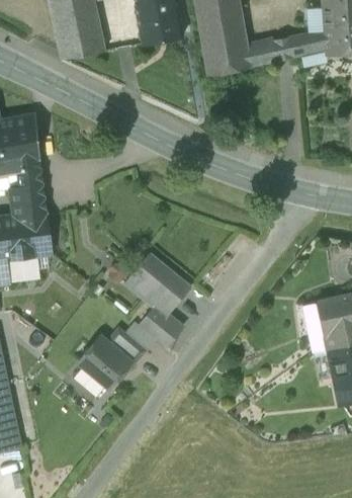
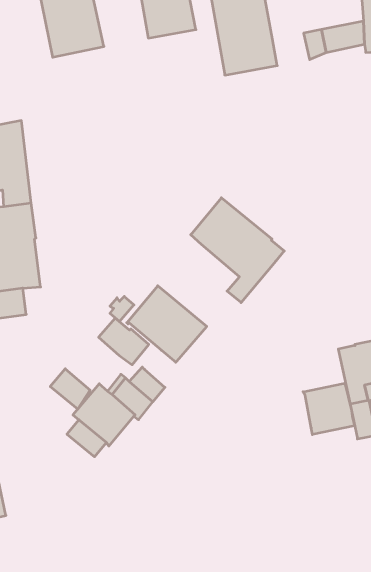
building: [247,39,278,67] -> none
building: none -> [191,198,284,303]
building: [139,308,181,347] -> [99,318,149,365]
building: none -> [50,369,90,409]
building: none -> [303,383,354,435]

